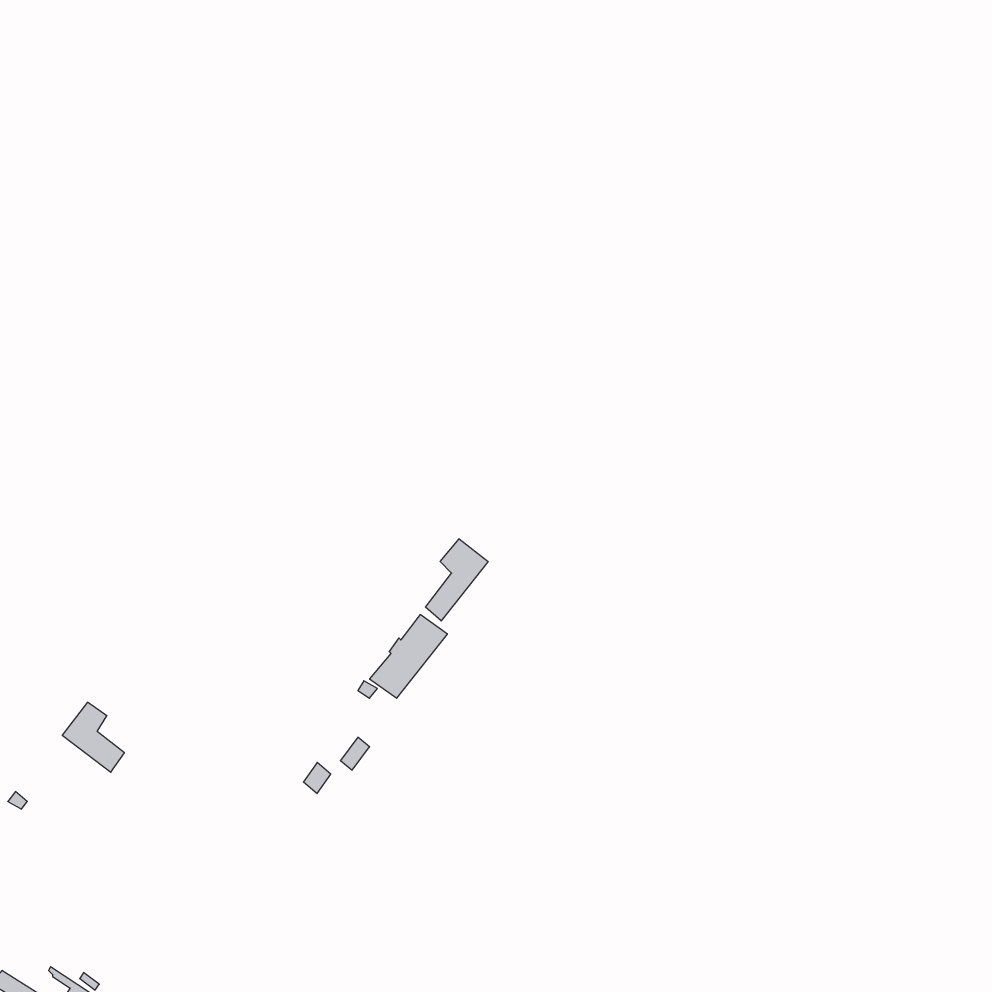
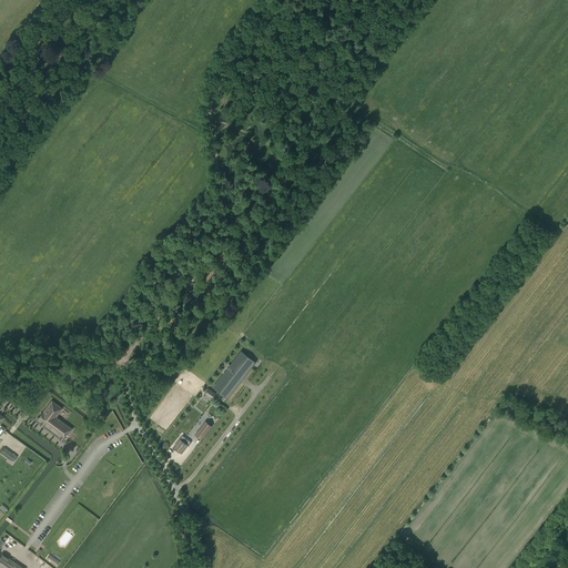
building: [425,539,488,621] -> none

